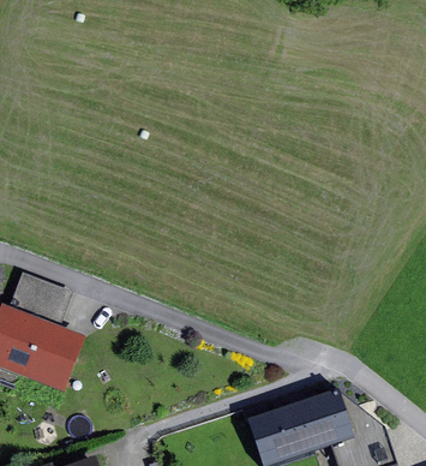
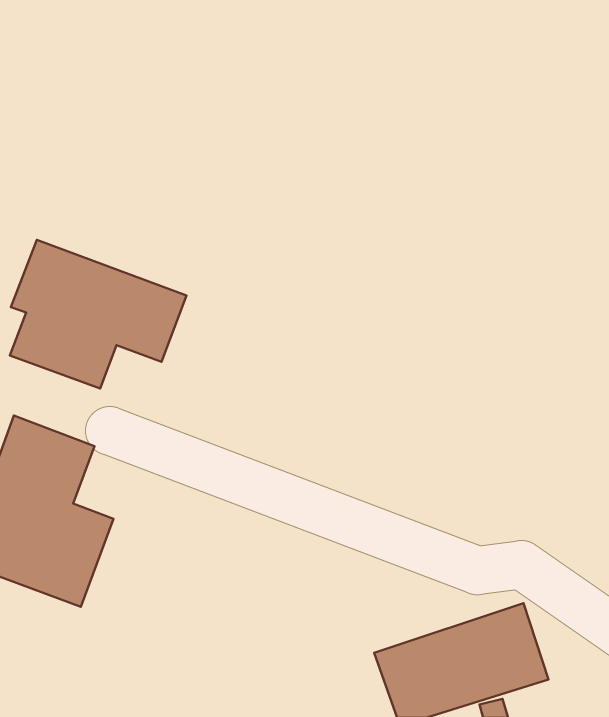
building: none -> [10,240,186,388]

